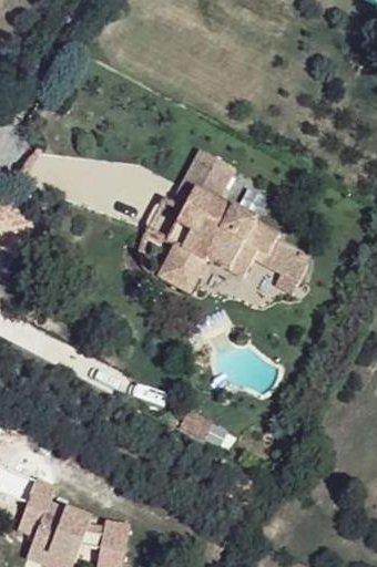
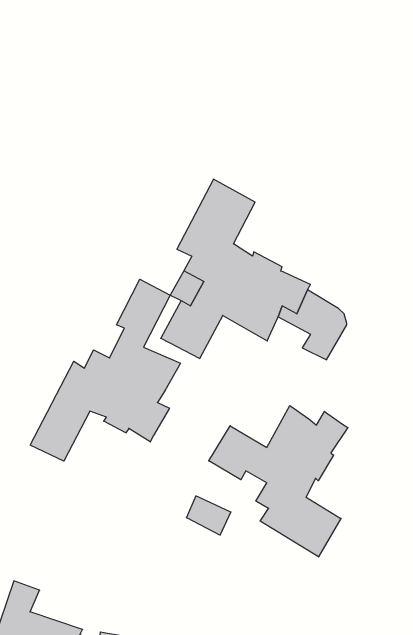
building: none -> [30,279,180,461]
building: none -> [209,406,348,557]

